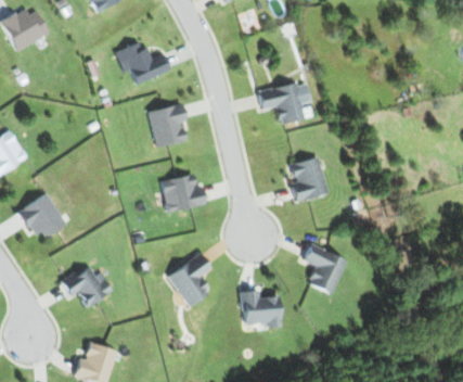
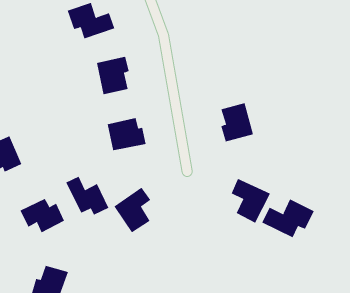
building: [258,81,310,124] -> none
building: none -> [66,176,109,216]
building: none -> [261,198,315,238]
building: [242,291,281,328] -> none

